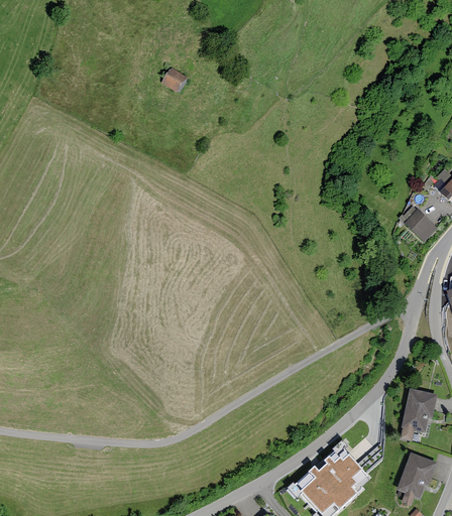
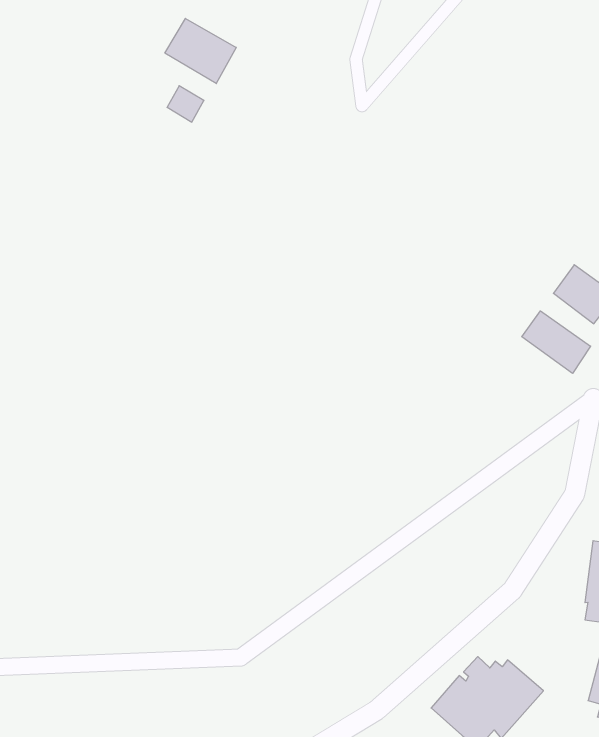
building: none -> [165,18,236,84]
building: none -> [522,311,591,373]

